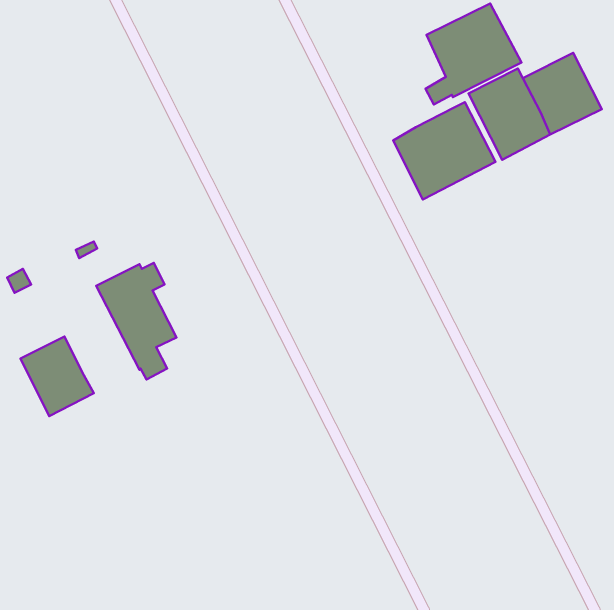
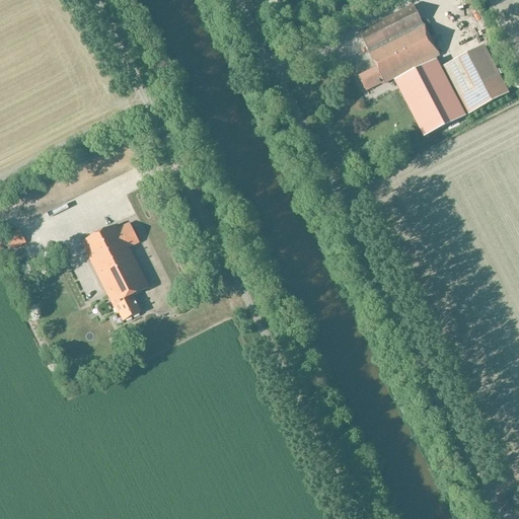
building: [393,102,495,199] -> none
building: [21,336,94,416] -> none

